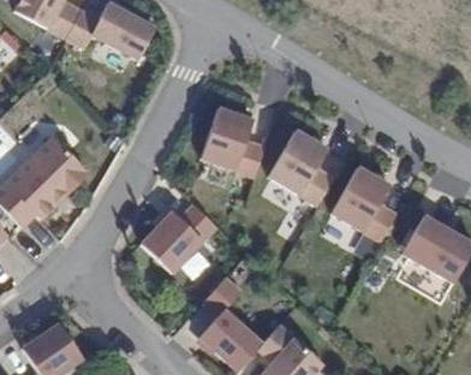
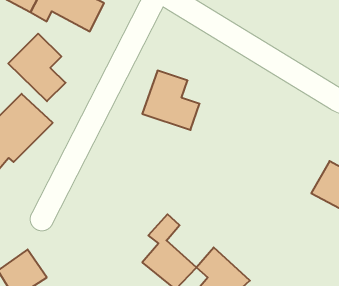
building: none -> [8,34,66,101]
building: [267,131,333,206] -> none
building: [328,167,398,244] -> none
building: [143,204,216,272] -> none

